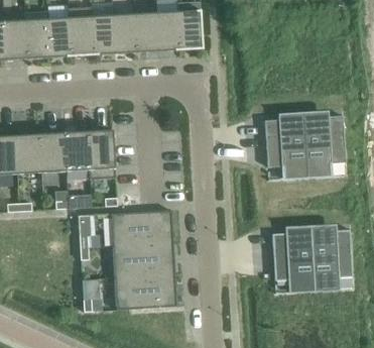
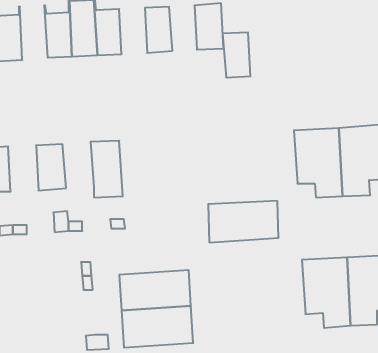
building: [25,11,49,59] -> none
building: [155,11,179,50] -> [223,32,250,77]
building: [112,13,136,53] -> none
building: [63,130,90,179] -> none
building: [15,133,41,173] -> none
building: [111,210,172,246] -> [208,201,279,242]

